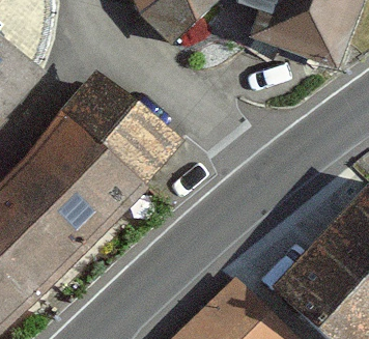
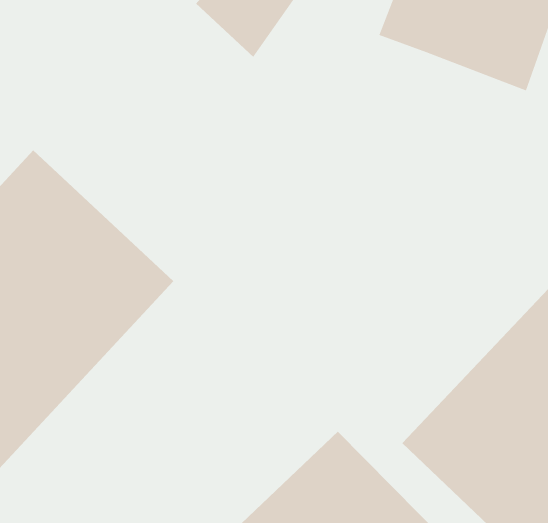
building: [58,74,172,185] -> none

